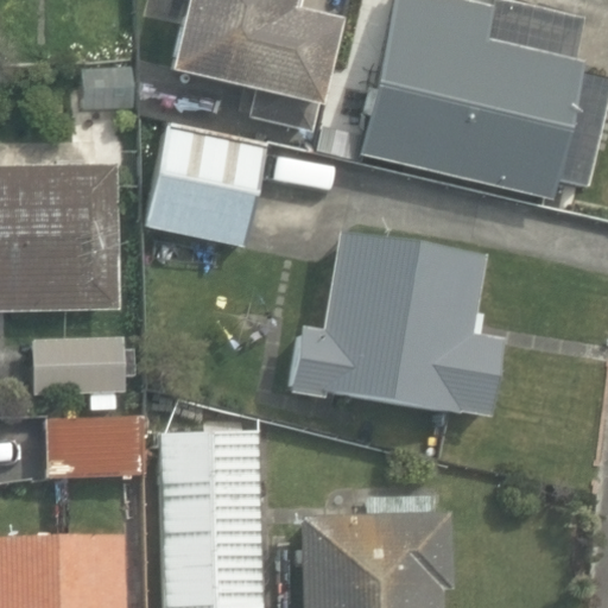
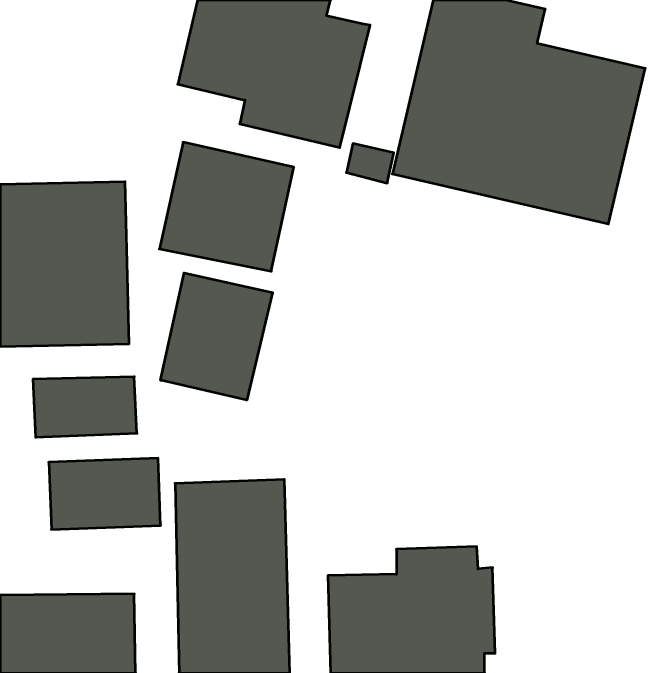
building: [290,233,505,419] -> none
building: none -> [161,273,273,400]

